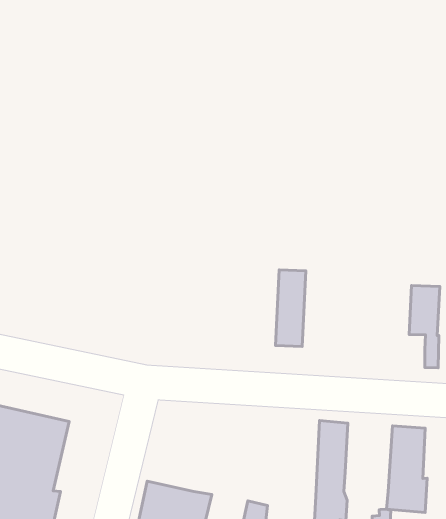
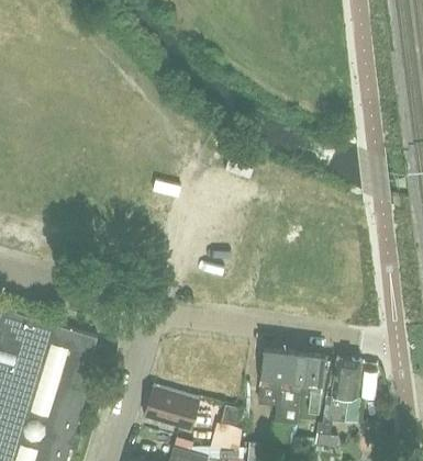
building: [275,270,306,347] -> [256,347,282,405]
building: [409,285,440,368] -> [299,352,324,415]

